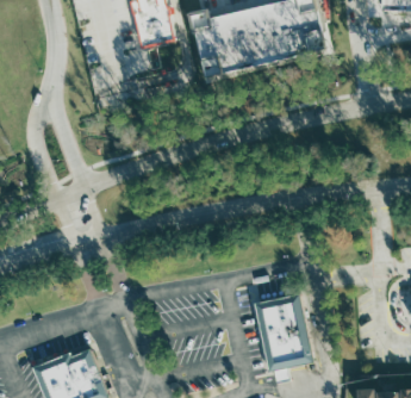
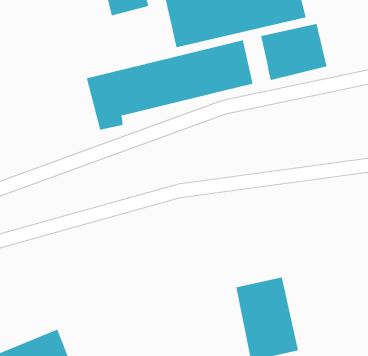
building: none -> [261,23,327,81]
building: none -> [86,39,253,131]

